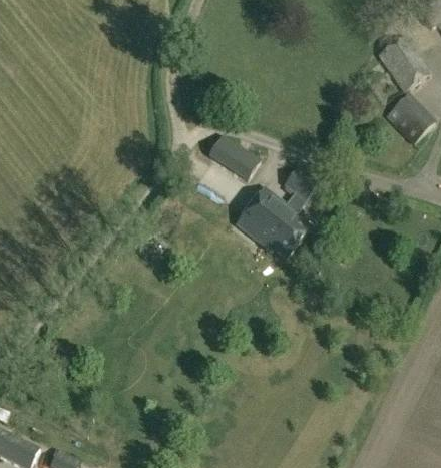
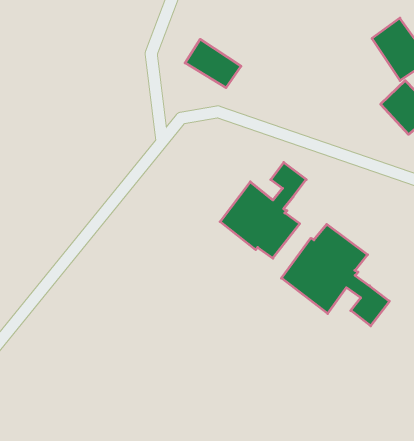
building: [208,134,261,179] -> [185,39,241,88]
building: none -> [281,224,389,326]

